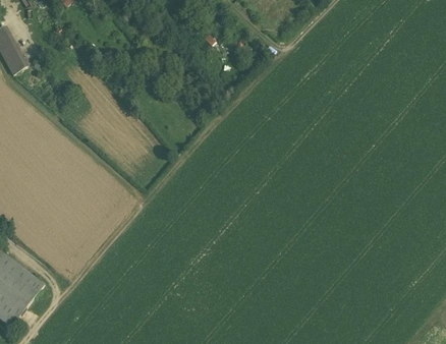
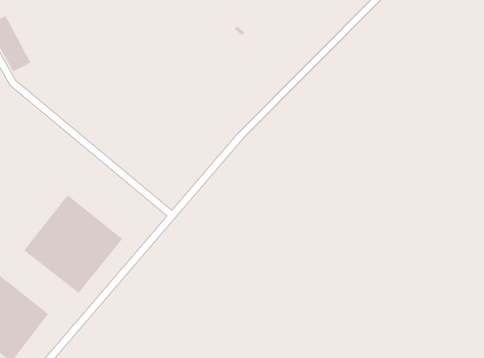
building: none -> [23,194,123,294]

